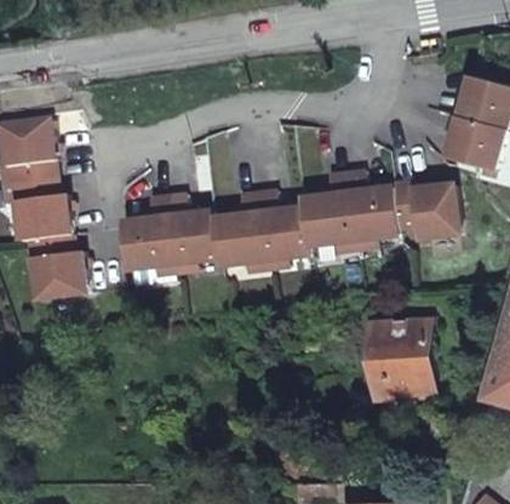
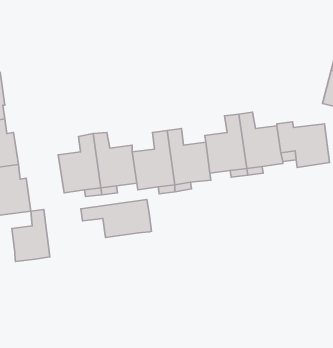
building: none -> [81,200,152,237]
building: none -> [12,210,50,261]
building: [372,321,434,400] -> none

